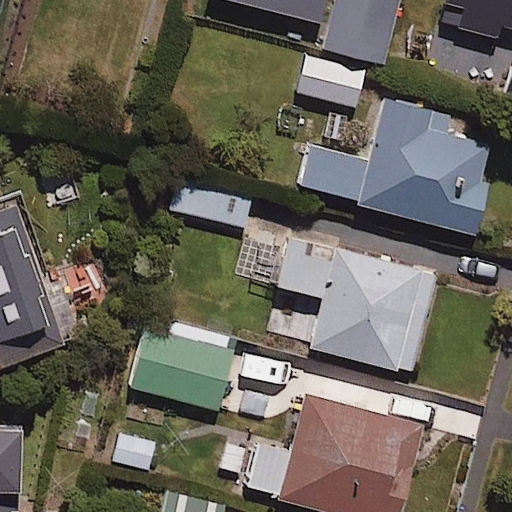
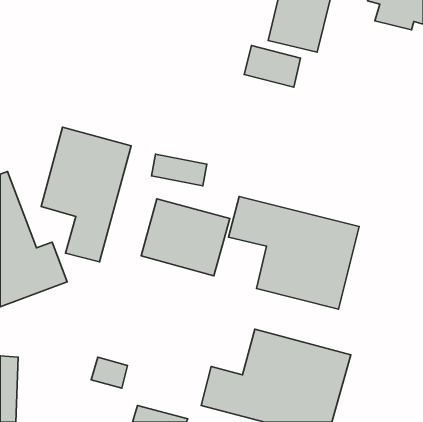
building: [300,100,489,235] -> none
building: none -> [41,127,131,262]
building: [130,315,237,408] -> [141,199,230,276]

